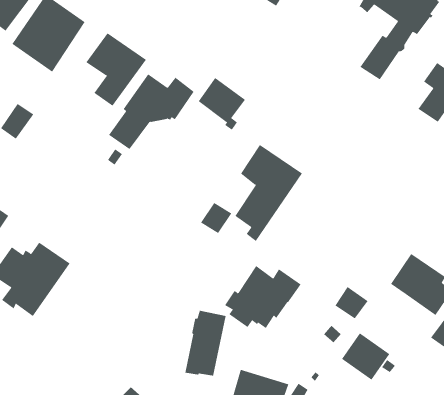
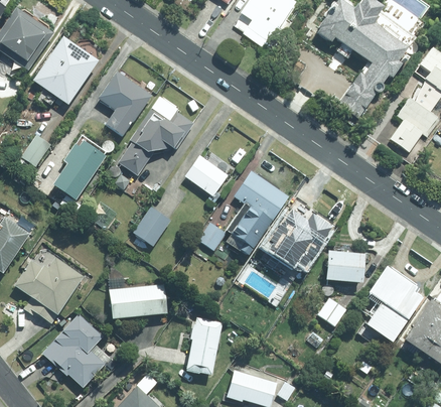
building: [198,77,246,131] -> [185,154,228,201]
building: none -> [52,141,106,214]
building: none -> [134,206,171,245]
building: none -> [326,251,364,283]
building: [224,265,301,329] -> [264,210,332,266]
building: none -> [109,284,167,319]
building: none -> [42,313,108,387]
building: [341,333,390,380] -> [364,302,408,345]

